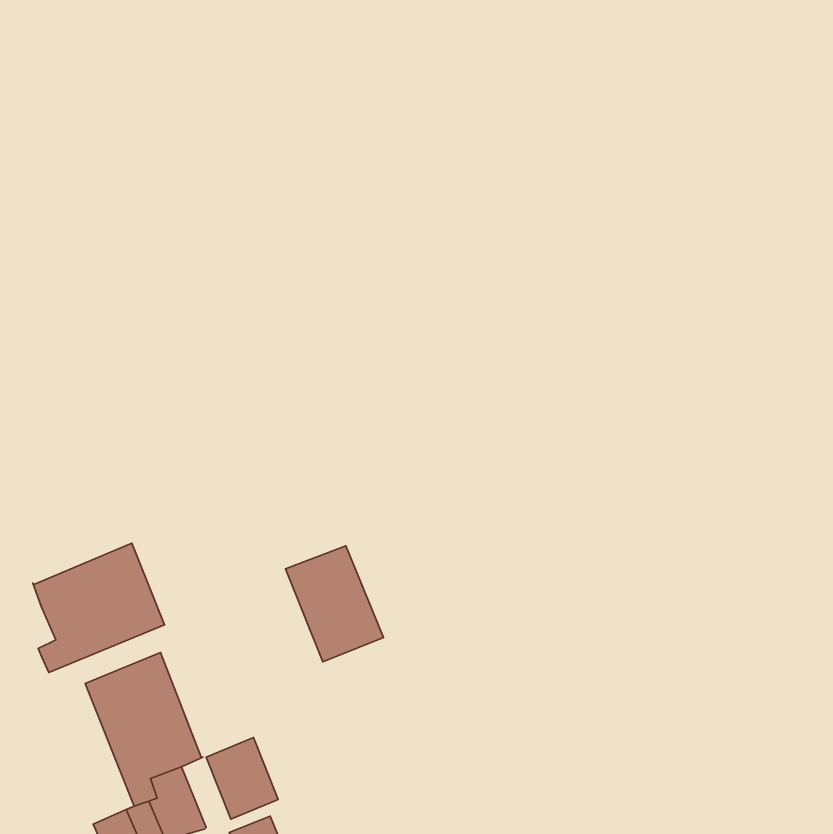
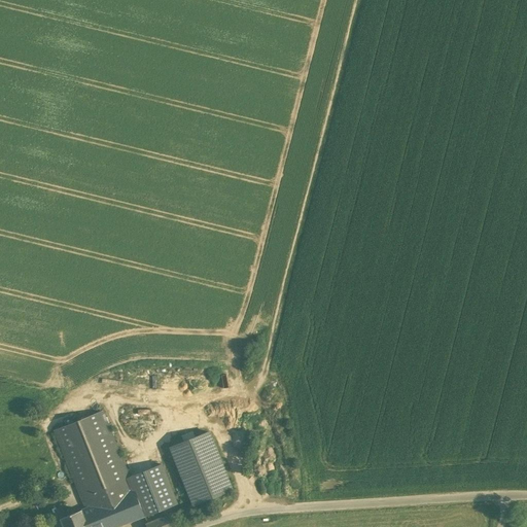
building: [33,543,164,672] -> none
building: [285,546,384,662] -> [169,433,231,506]
building: none -> [114,478,143,522]

